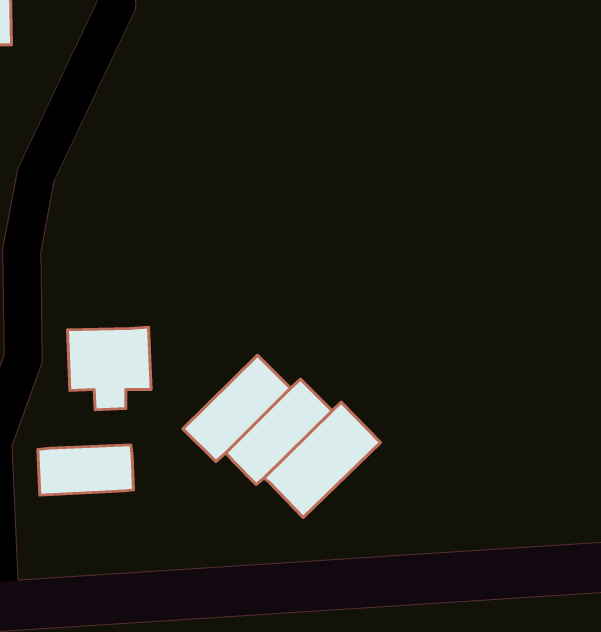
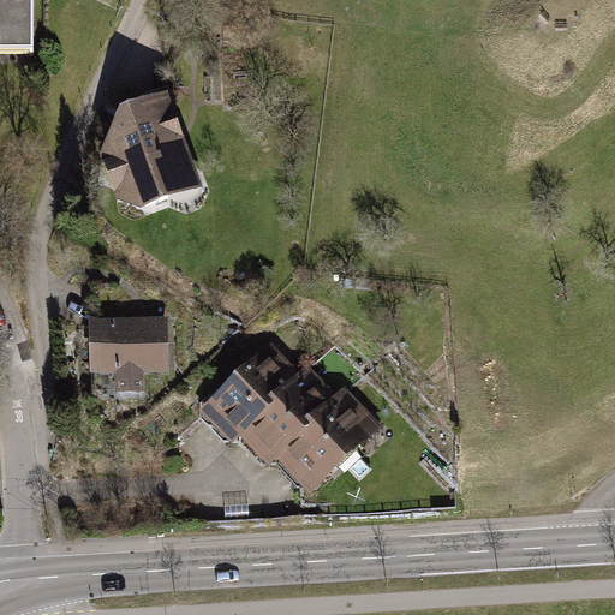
building: none -> [95,89,201,207]
building: [38,445,133,495] -> none

